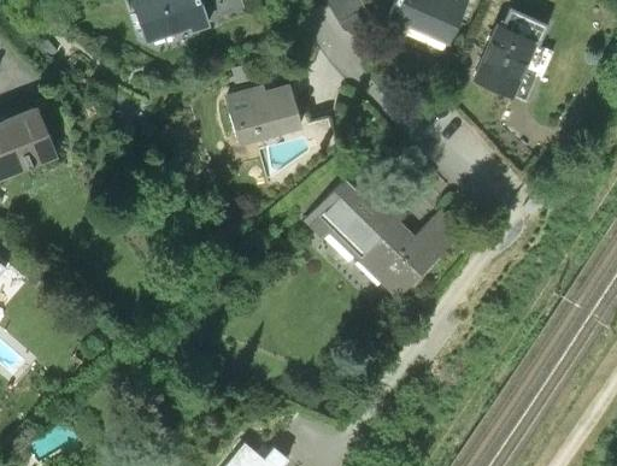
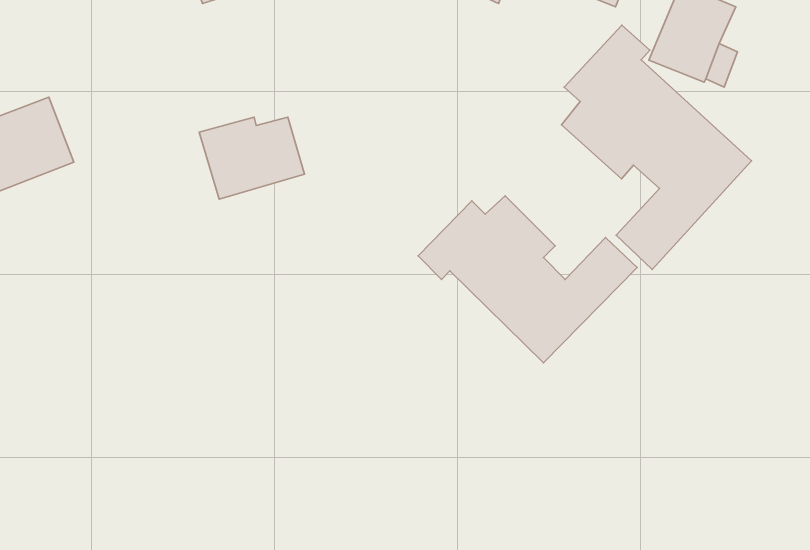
building: none -> [561,25,751,269]
building: [227,85,302,144] -> [199,117,304,199]

